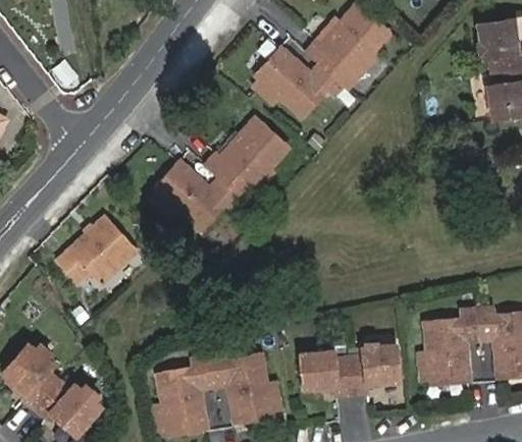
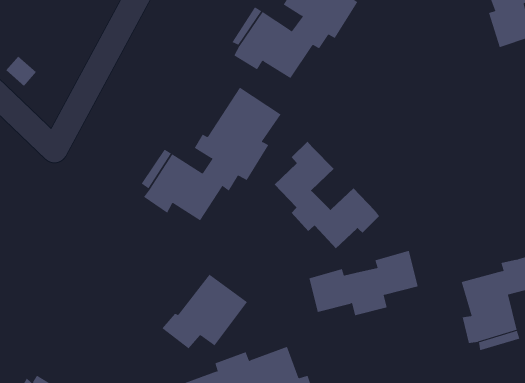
building: none -> [274,141,380,249]
building: [54,219,135,284] -> [161,274,248,349]
building: [302,343,399,394] -> [308,250,419,316]

